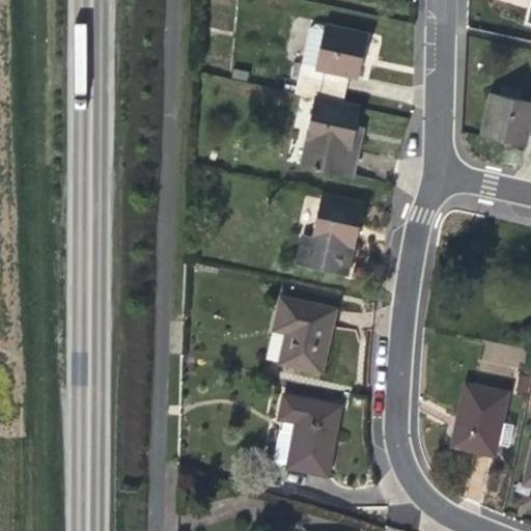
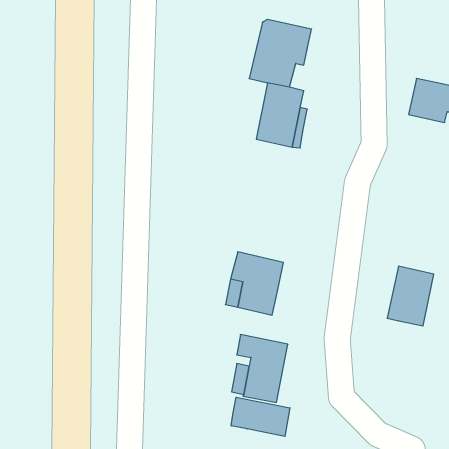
building: [297,195,364,276] -> none
building: [452,384,507,454] -> [387,266,434,326]
building: none -> [231,397,290,436]

